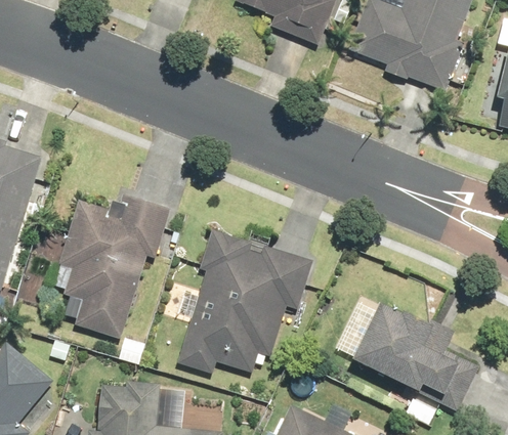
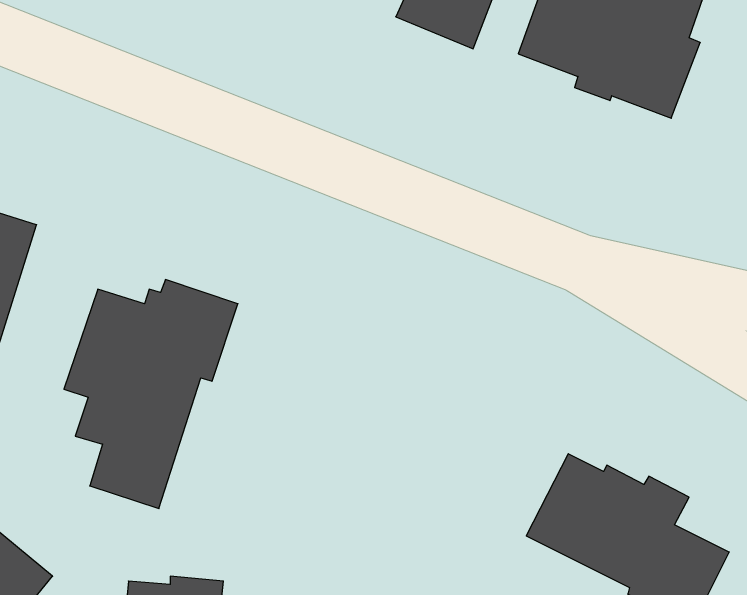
building: [178,228,312,371] -> none

